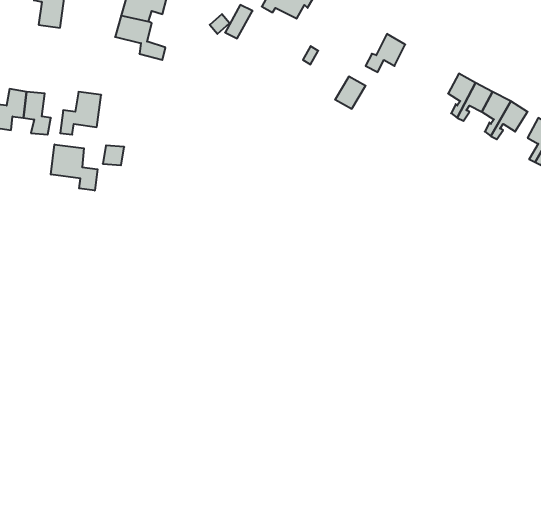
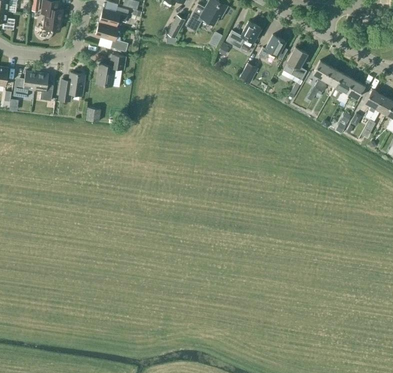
building: none -> [226,20,261,48]
building: none -> [283,46,307,79]
building: none -> [97,57,126,85]
building: [51,144,98,191] -> none

